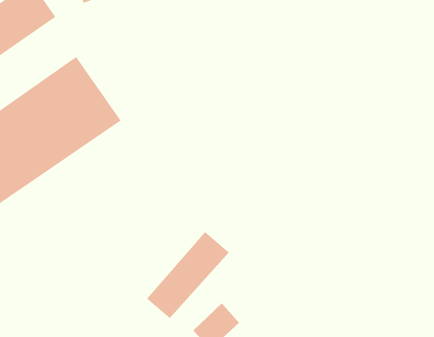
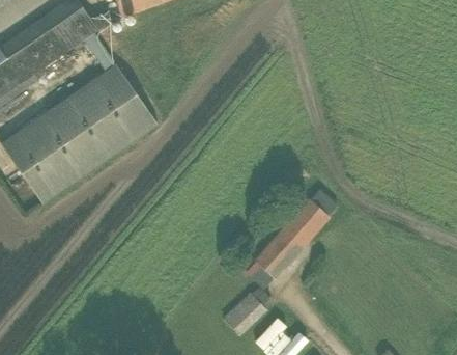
building: [146,231,230,319] -> [254,197,331,278]

